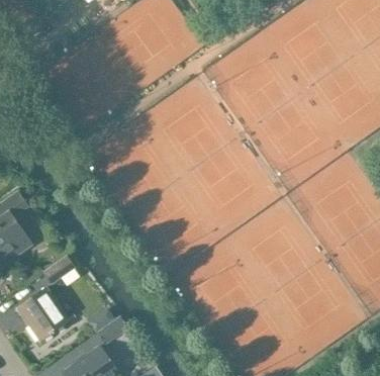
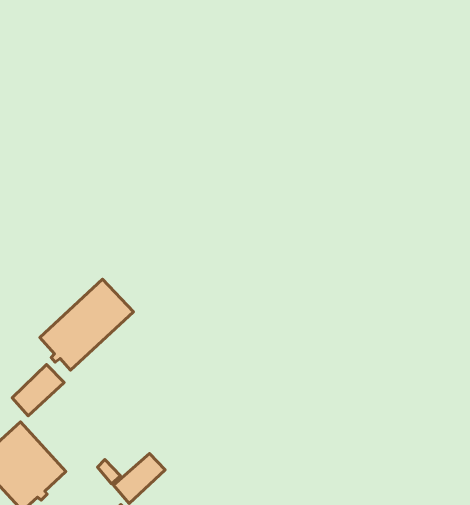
building: none -> [40,279,133,370]

